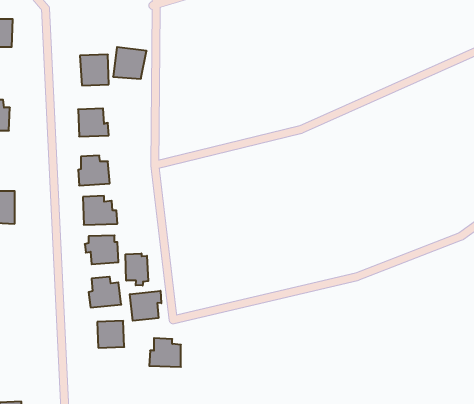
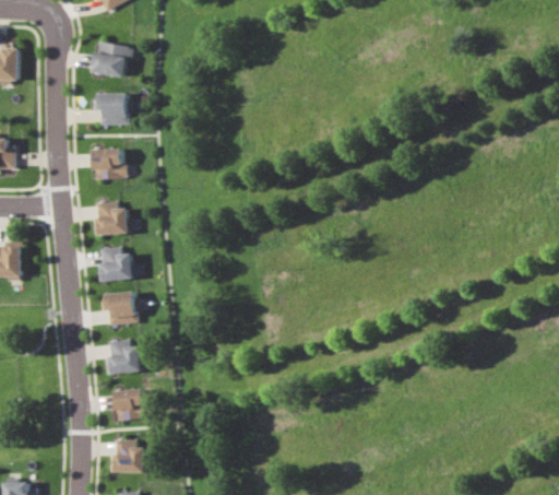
building: [113,47,147,79] -> [91,38,129,74]
building: [126,253,148,286] -> none
building: [130,291,161,321] -> none
building: [149,338,181,367] -> [109,440,145,473]

